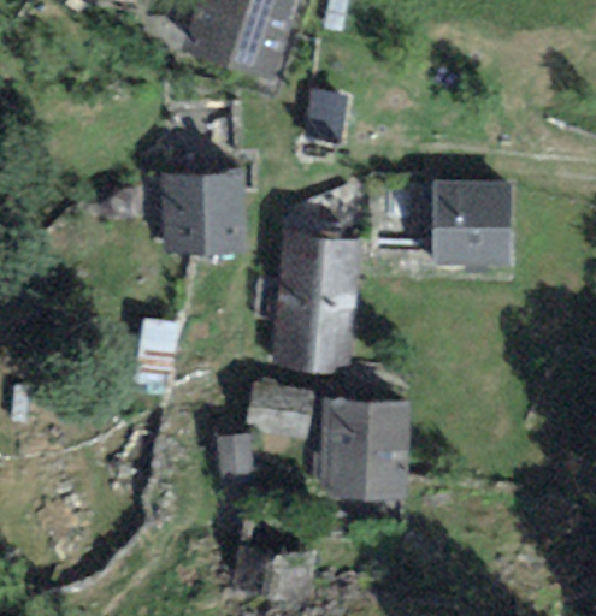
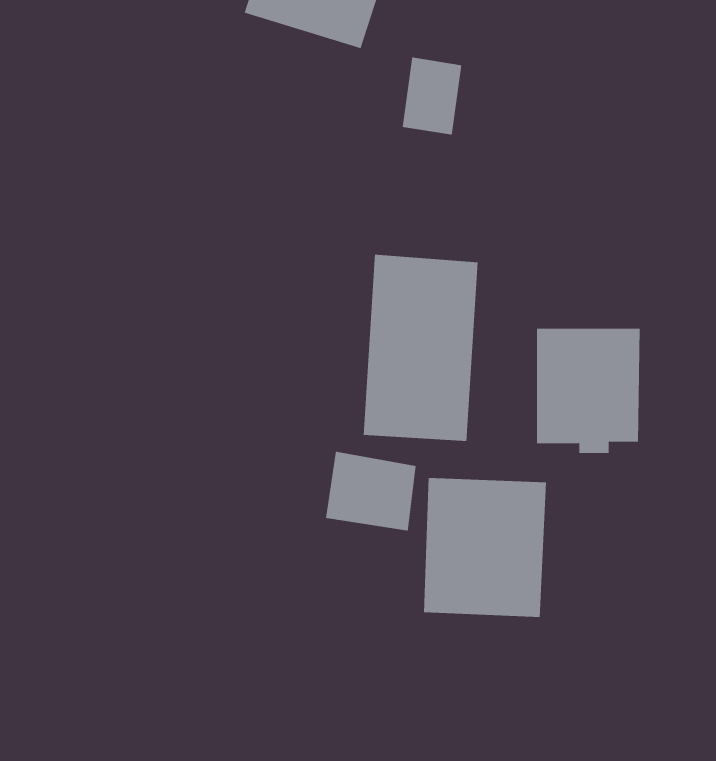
building: [161,168,249,255] -> none
building: [433,180,511,273] -> [536,328,641,454]

